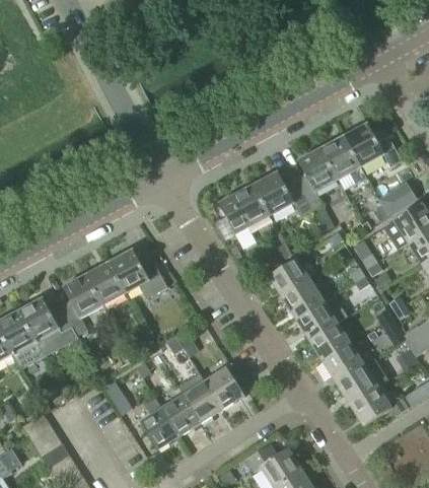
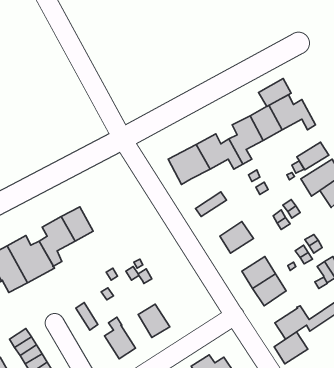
building: none -> [258,79,291,106]
building: [110,250,167,298] -> none
building: [269,258,310,298] -> none
building: [296,295,347,342] -> none
building: [338,366,379,406] -> [274,332,308,364]
building: [203,367,244,411] -> none
building: [160,396,199,437] -> none

